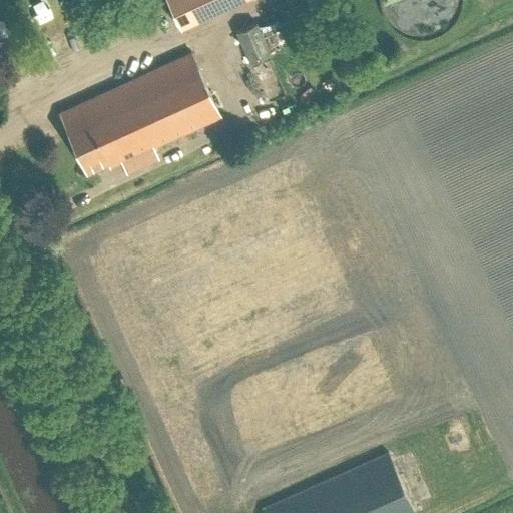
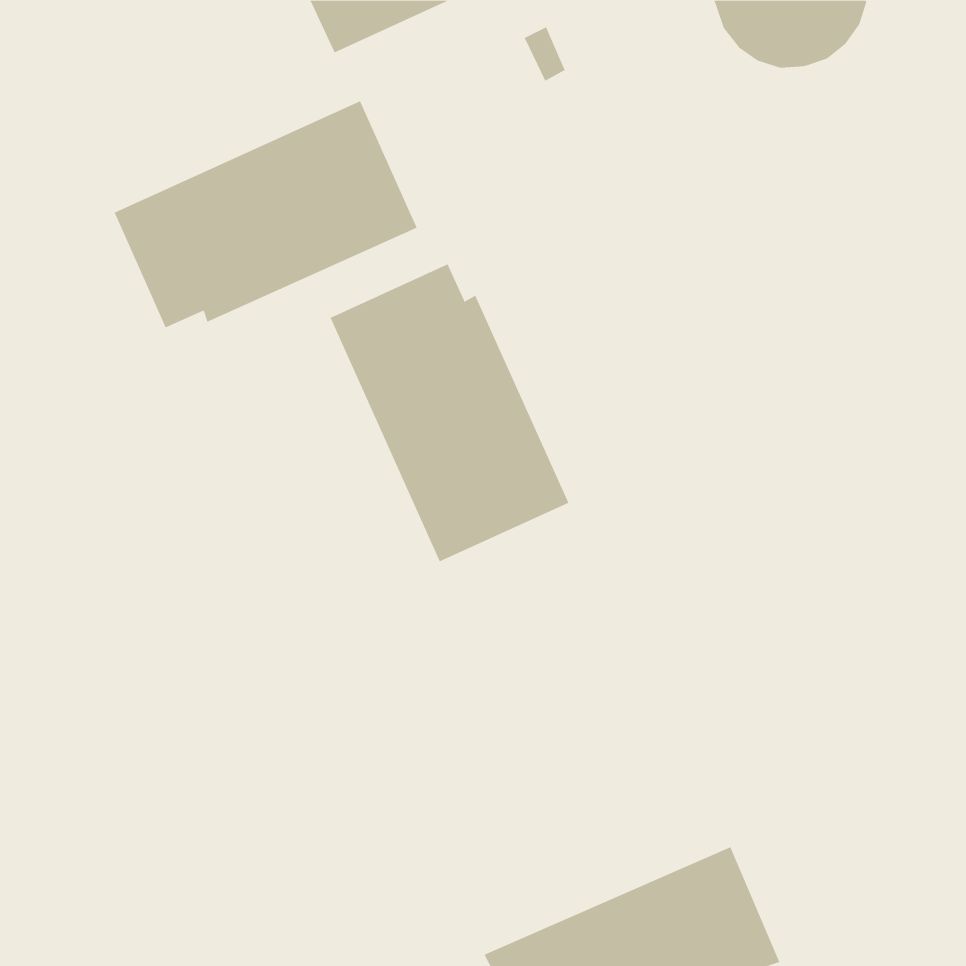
building: [236,25,271,65] -> none
building: none -> [330,263,569,562]

